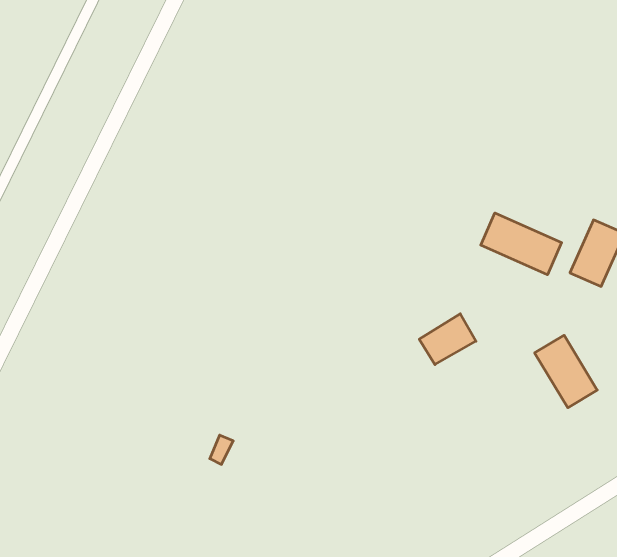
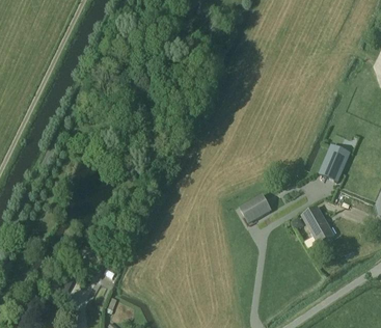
building: [481,213,562,275] -> none

